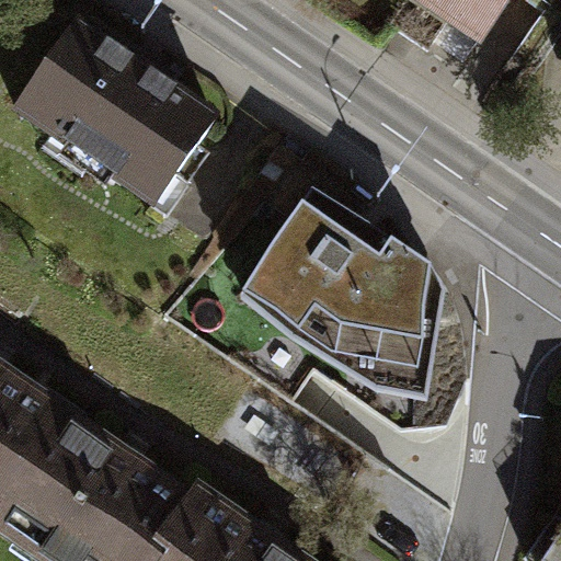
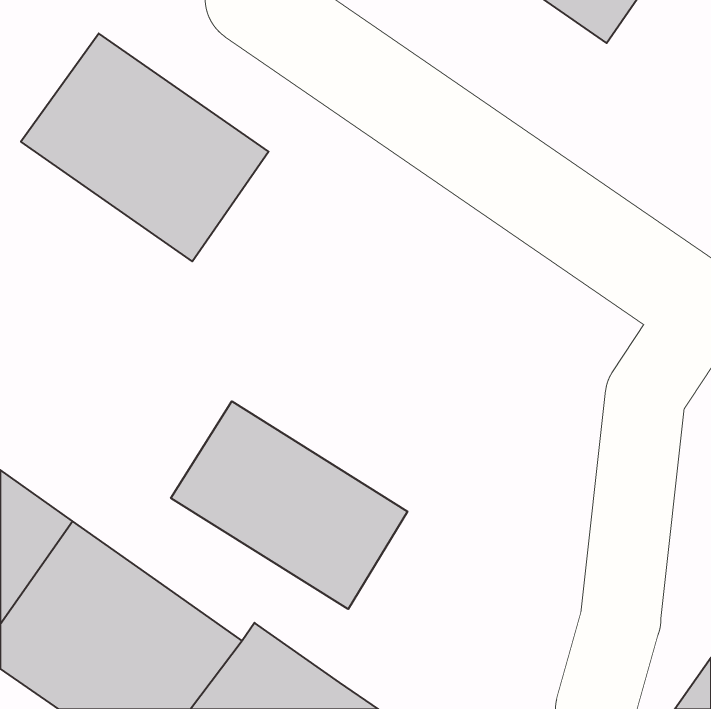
building: [242,193,428,368] -> none
building: none -> [171,401,407,609]

